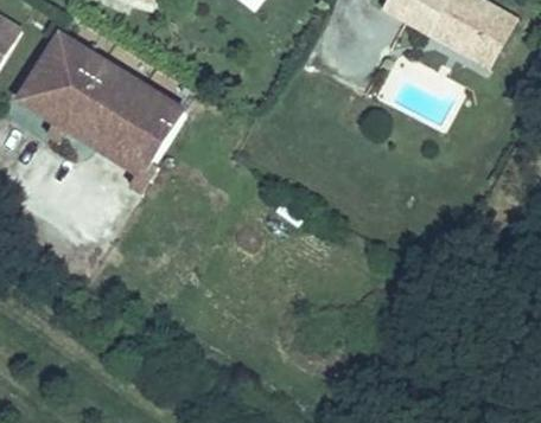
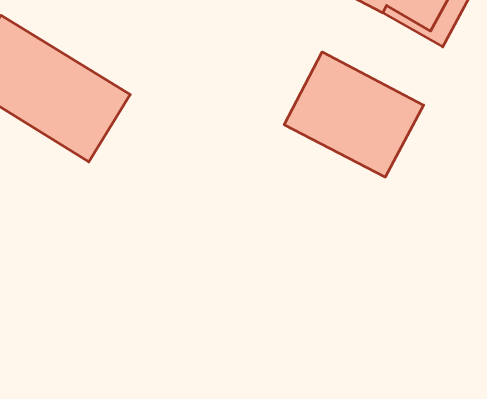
building: none -> [284,52,424,177]

